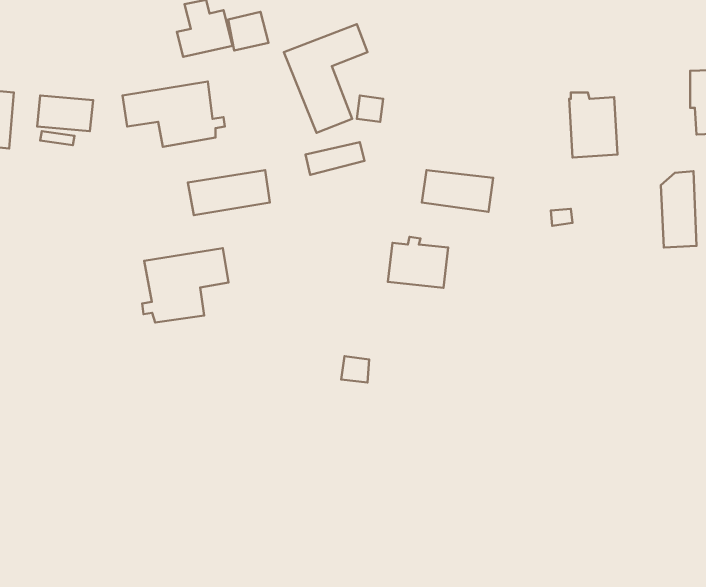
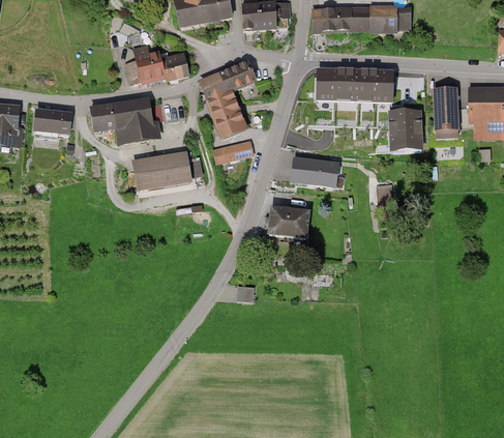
building: none -> [316,69,392,101]
building: [661,171,696,247] -> [434,80,457,130]
building: [142,248,229,323] -> none

